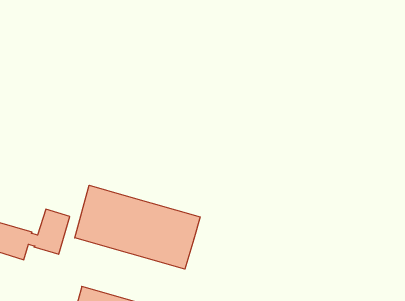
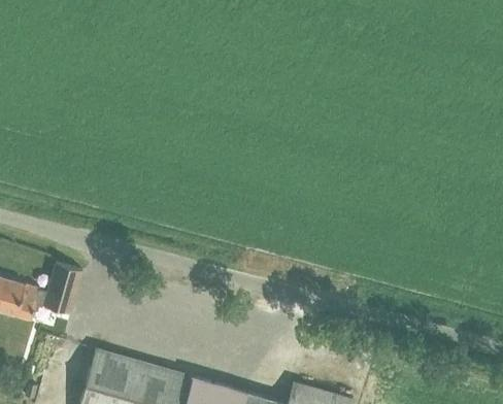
building: [75,185,200,269] -> none

